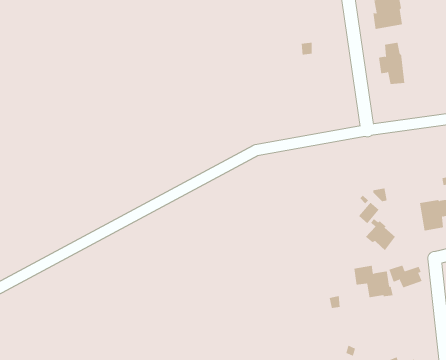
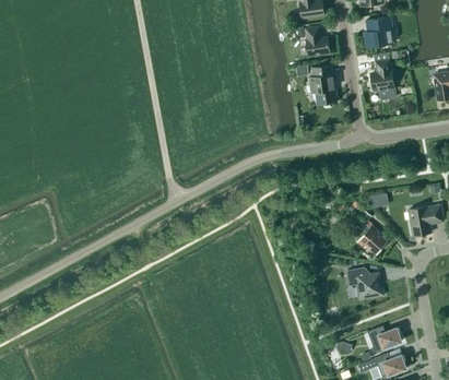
building: none -> [306,26,330,56]
building: none -> [309,64,338,104]
building: [389,265,423,288] -> [370,325,402,347]

